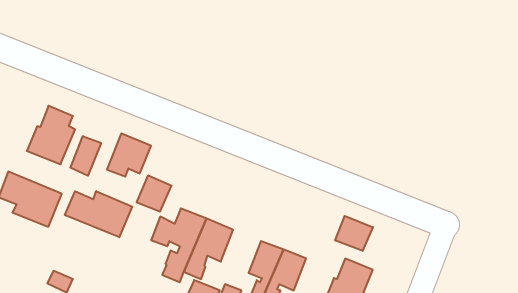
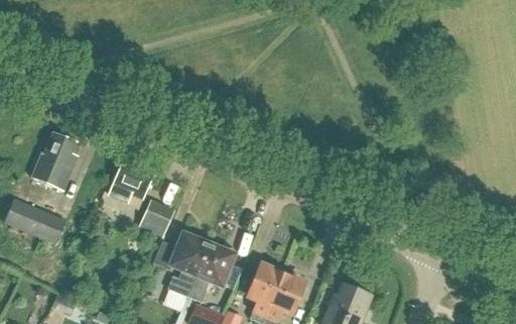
building: [70,136,101,176] -> none
building: [65,191,132,237] -> none
building: [335,216,373,251] -> none

